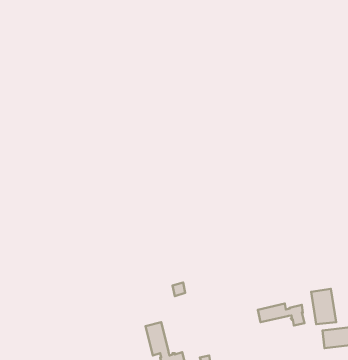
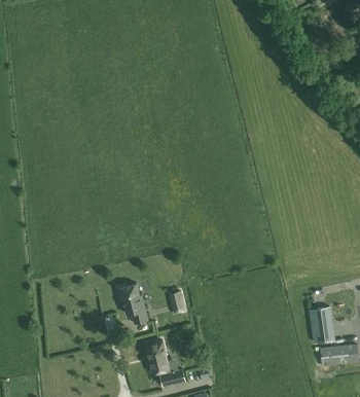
building: none -> [116,283,147,324]
building: [258,304,305,325] -> none

